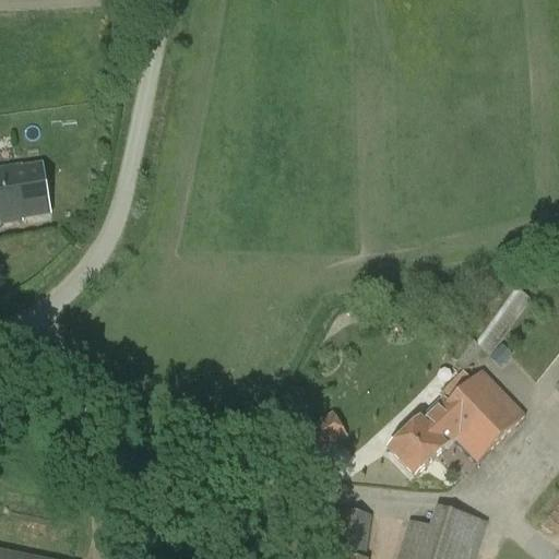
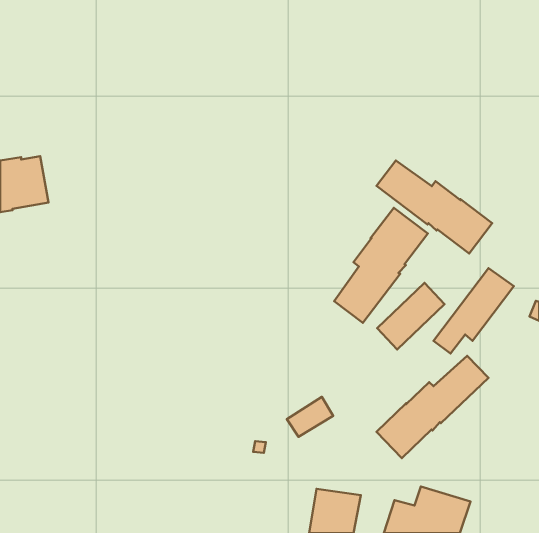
building: none -> [376,160,492,254]
building: none -> [334,208,428,323]
building: [456,391,526,460] -> [377,283,445,349]

